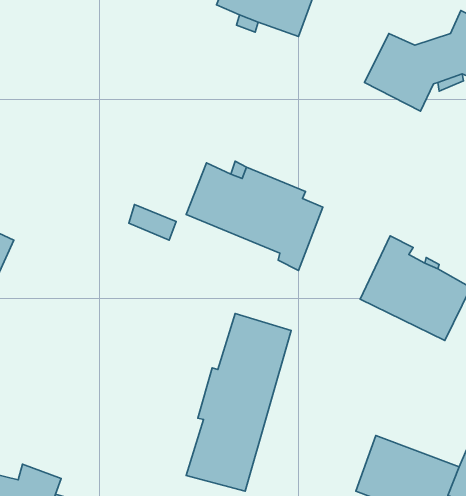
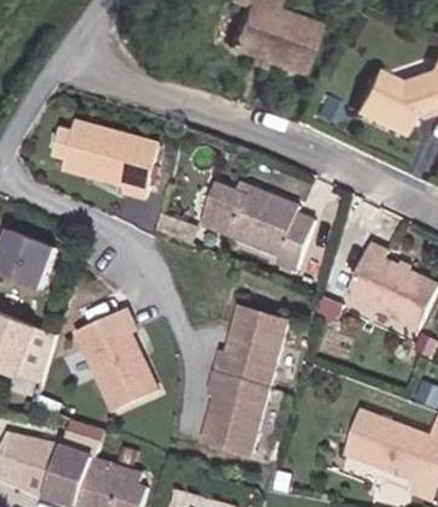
building: none -> [65,117,160,196]
building: none -> [77,312,161,413]

